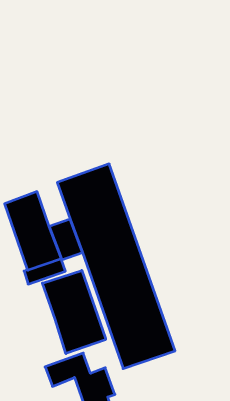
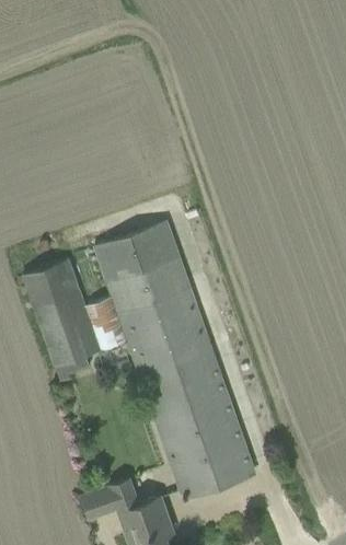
building: [42,270,106,354] -> none

